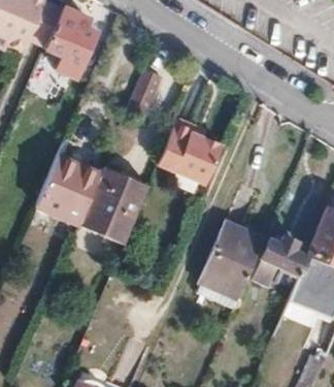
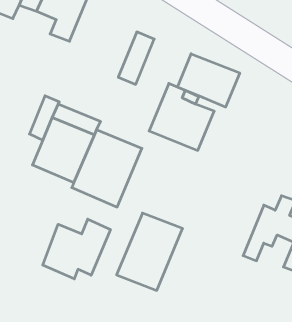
building: none -> [178,54,240,107]
building: [200,222,266,299] -> [117,213,183,290]
building: none -> [43,219,110,279]

